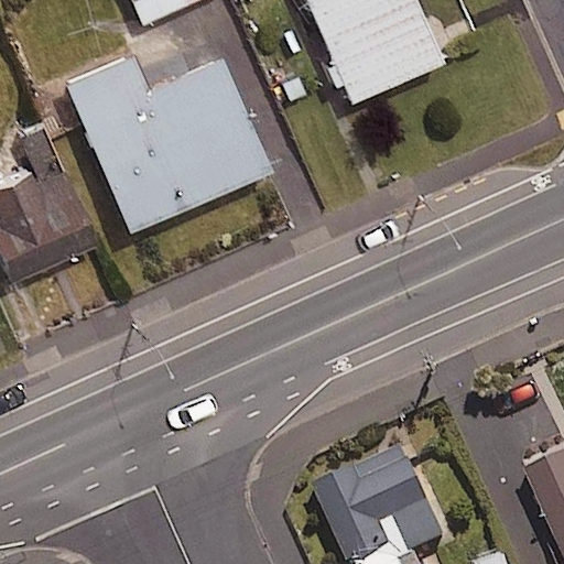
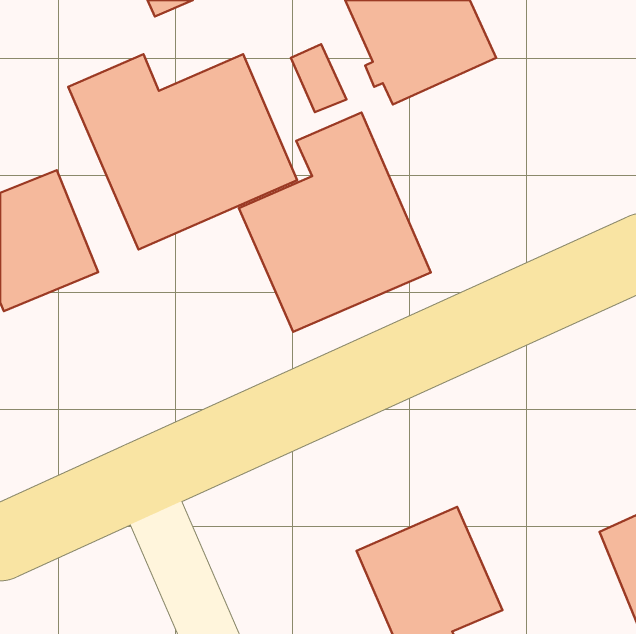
building: none -> [239,112,431,332]

